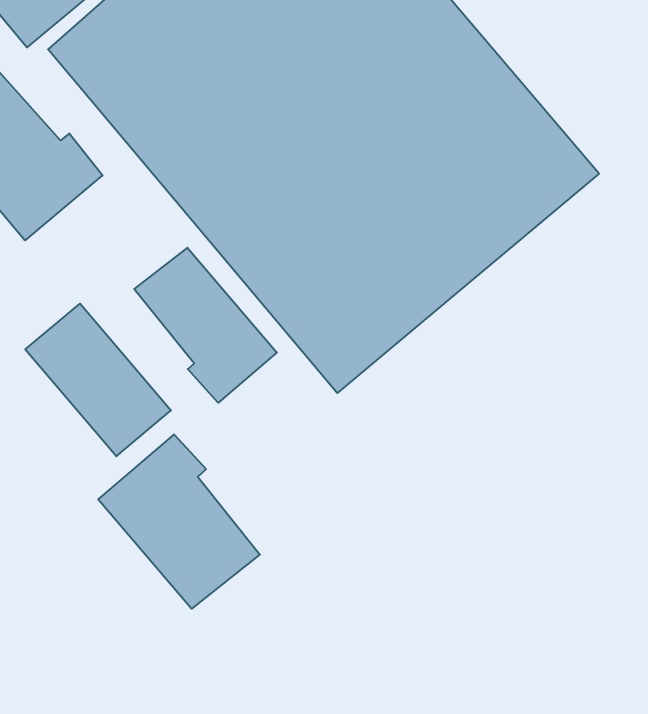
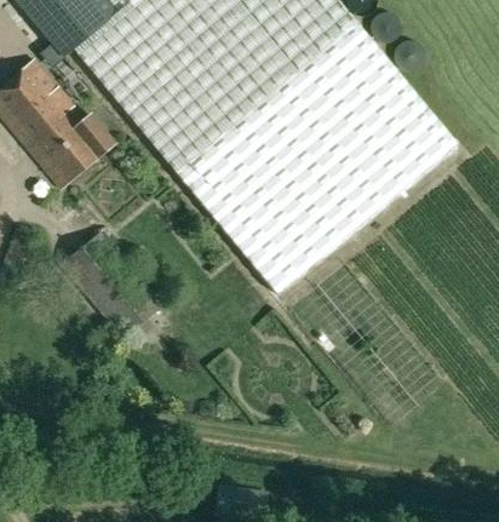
building: [134,248,277,403] -> none
building: [98,434,260,609] -> none

